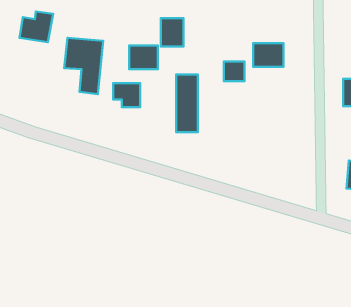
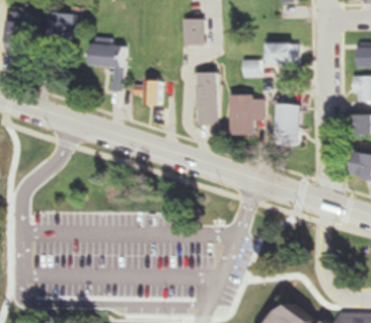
building: [129,46,158,69] -> none
building: none -> [228,95,261,134]
building: none -> [273,103,298,146]

